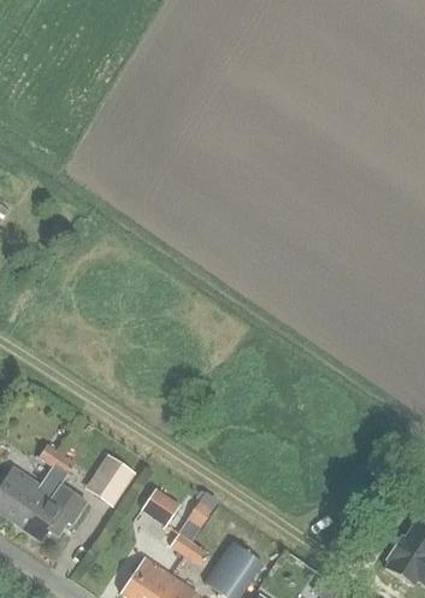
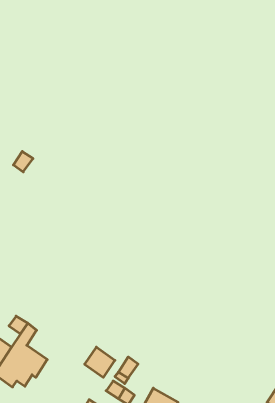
building: [83,455,135,508] -> none

